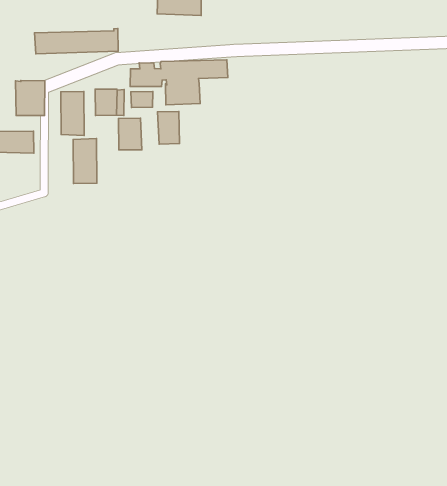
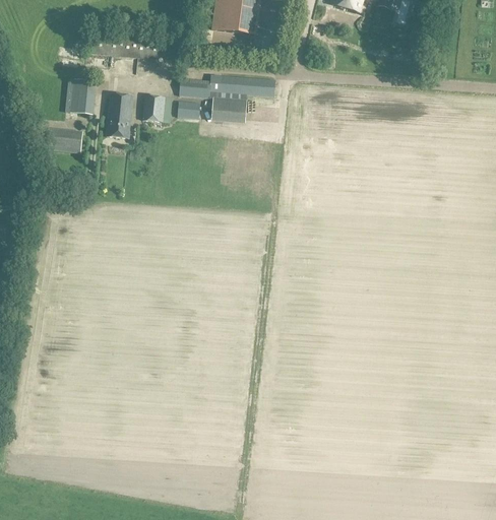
building: [157,111,180,144] -> none
building: [119,118,142,150] -> none
building: [73,138,97,183] -> none

